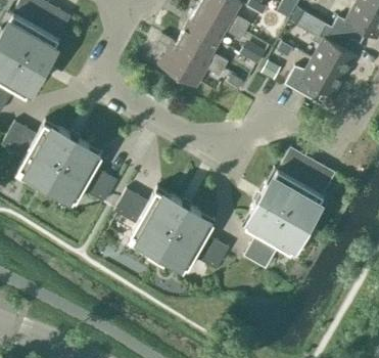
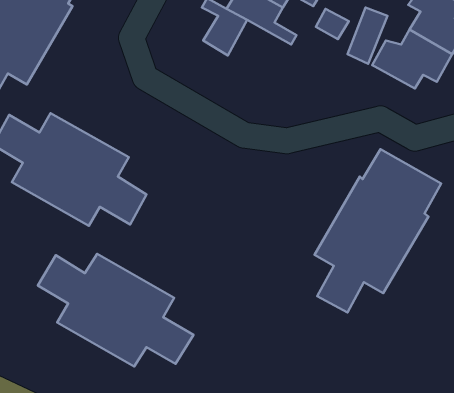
building: [178,50,225,87] -> none
building: [114,187,230,271] -> [38,254,193,367]

